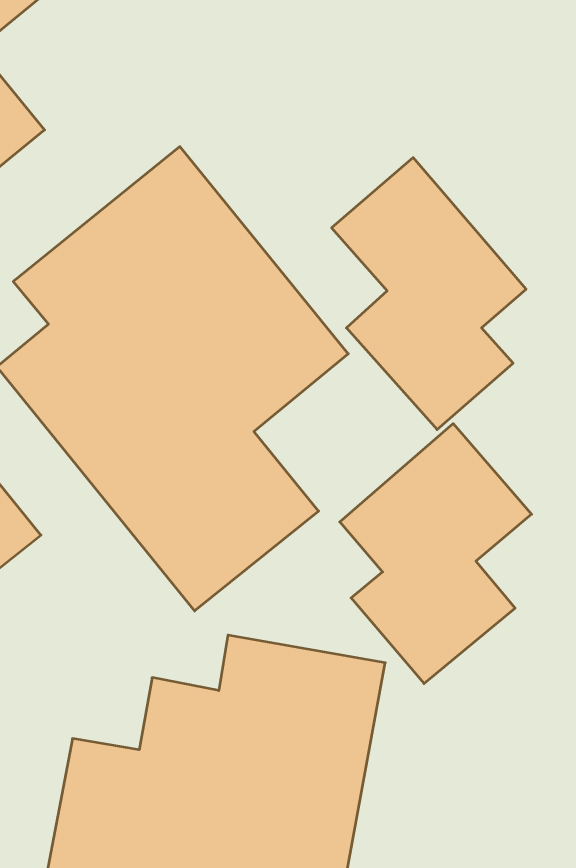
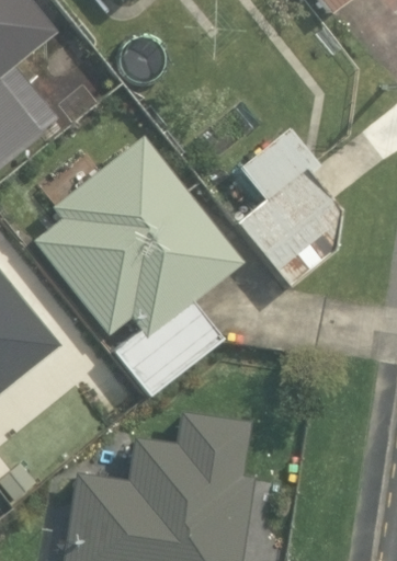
building: [340,424,532,684] -> none

